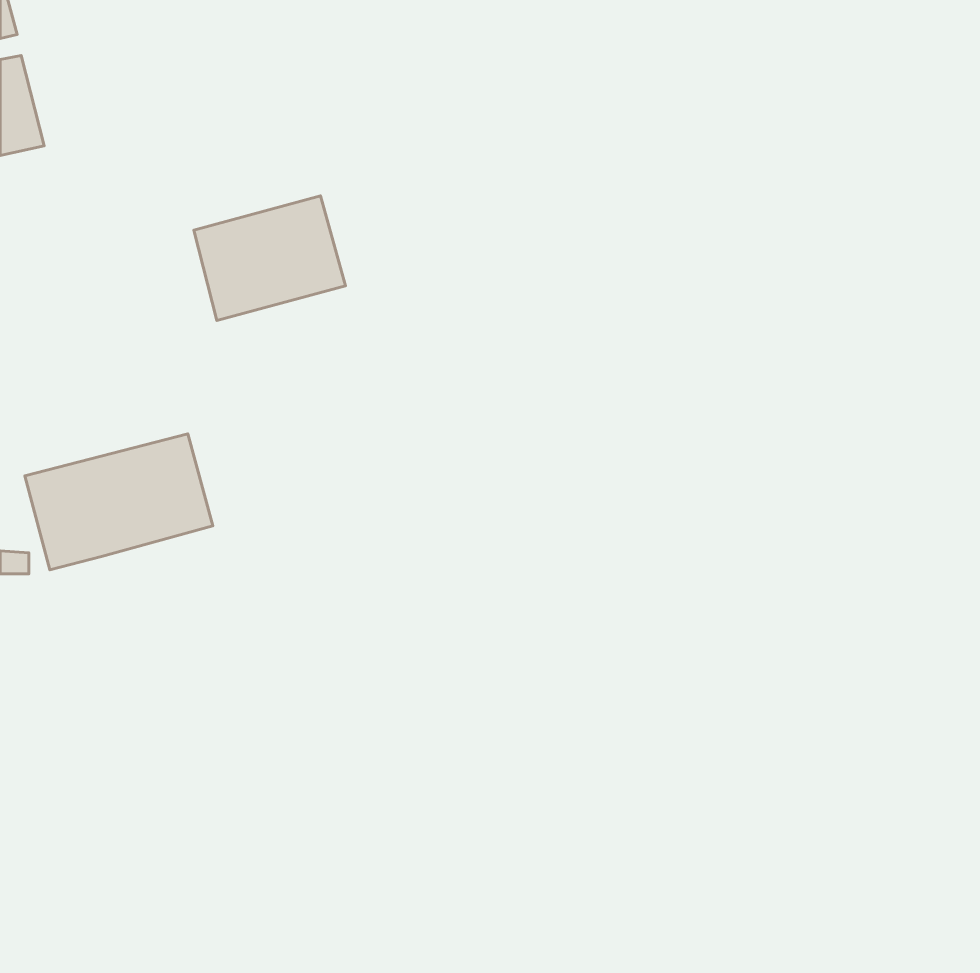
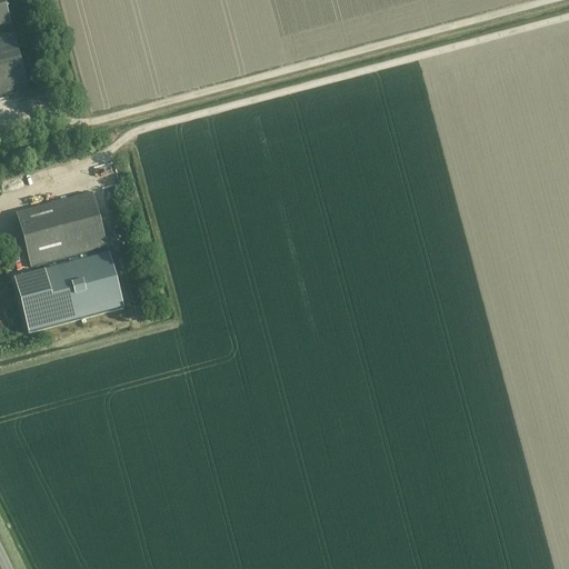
building: [194,196,345,321] -> [18,191,106,263]

